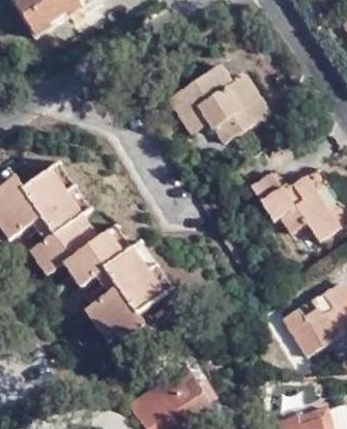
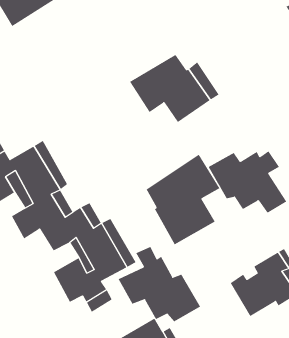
building: none -> [146,154,220,245]
building: none -> [118,246,201,322]

